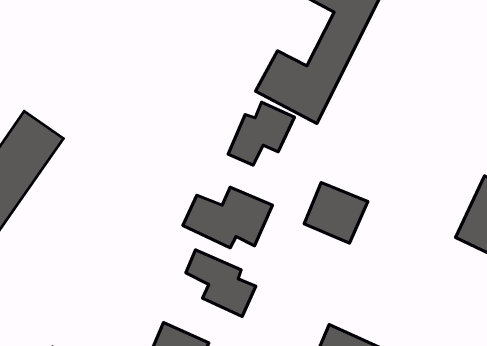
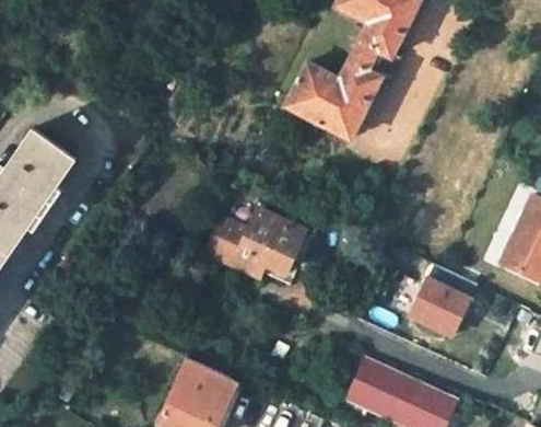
building: [228,102,294,165] -> none
building: [304,182,368,243] -> [413,270,482,336]
building: [186,250,256,317] -> none

